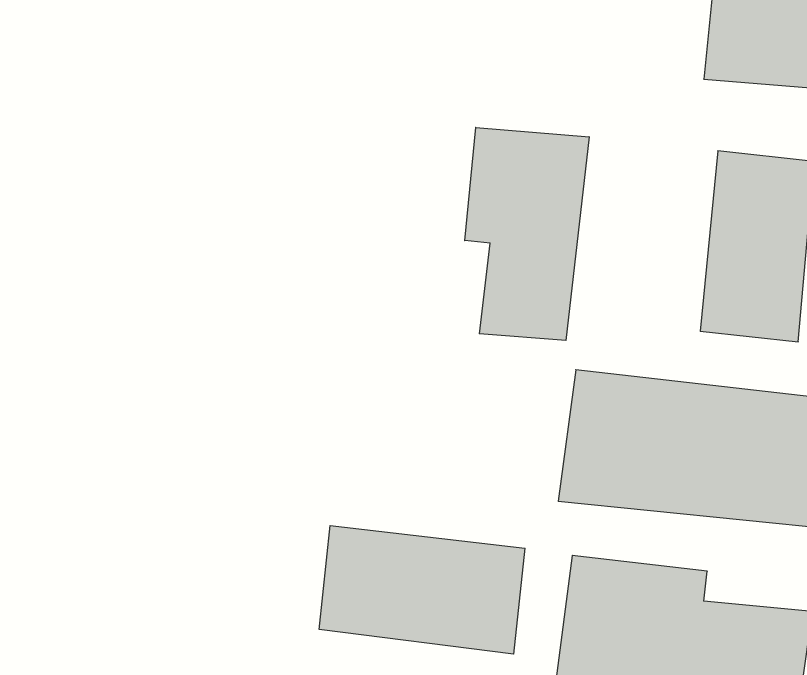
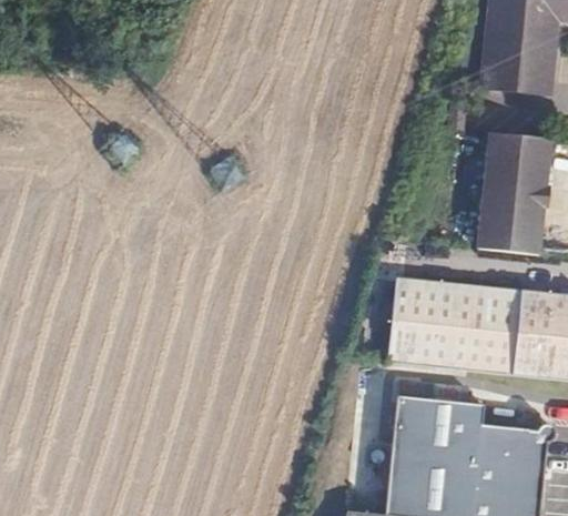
building: [465,127,589,340] -> none
building: [319,526,525,654] -> none

